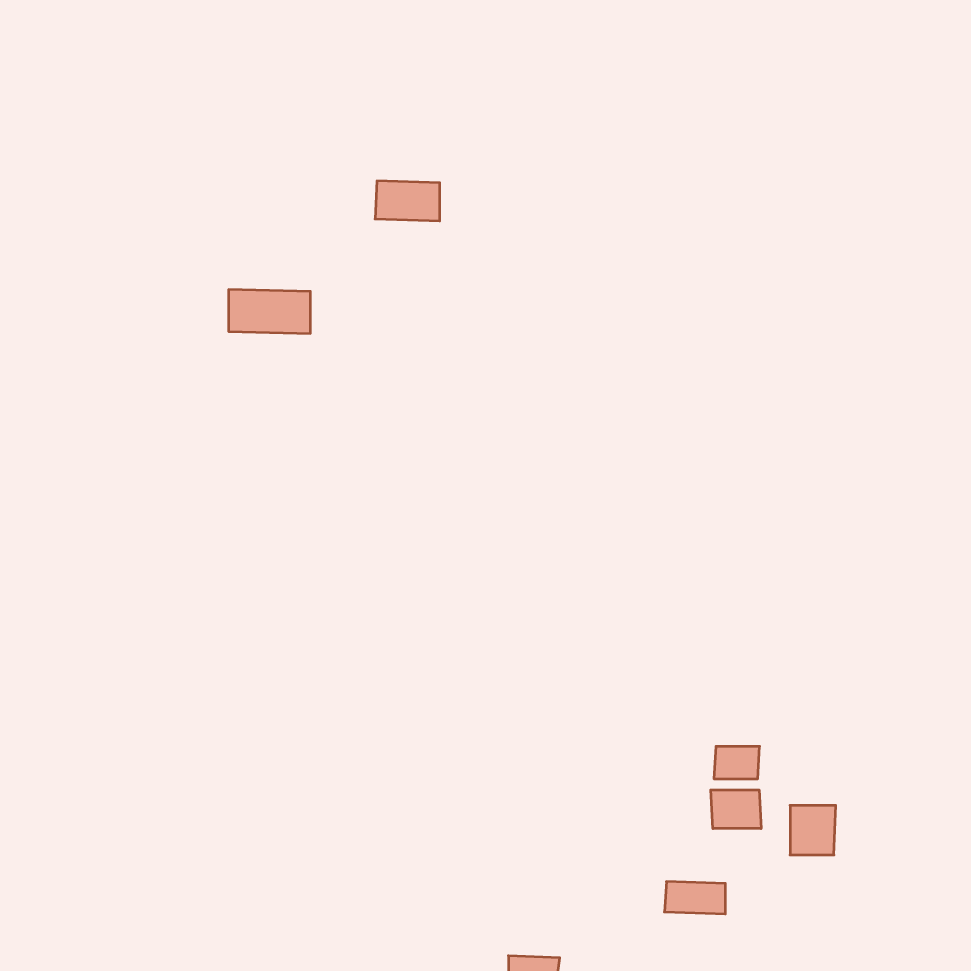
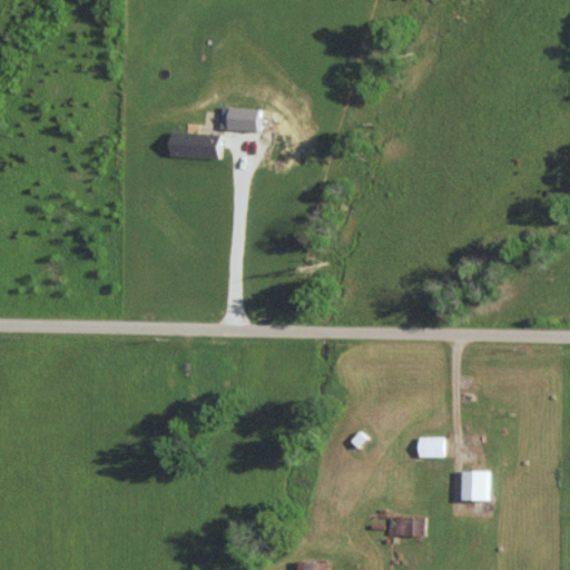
building: [229,290,310,333] -> [170,132,218,158]
building: [711,790,761,829] -> none

